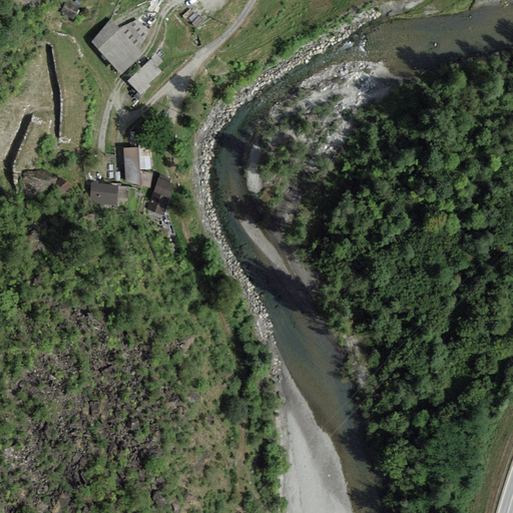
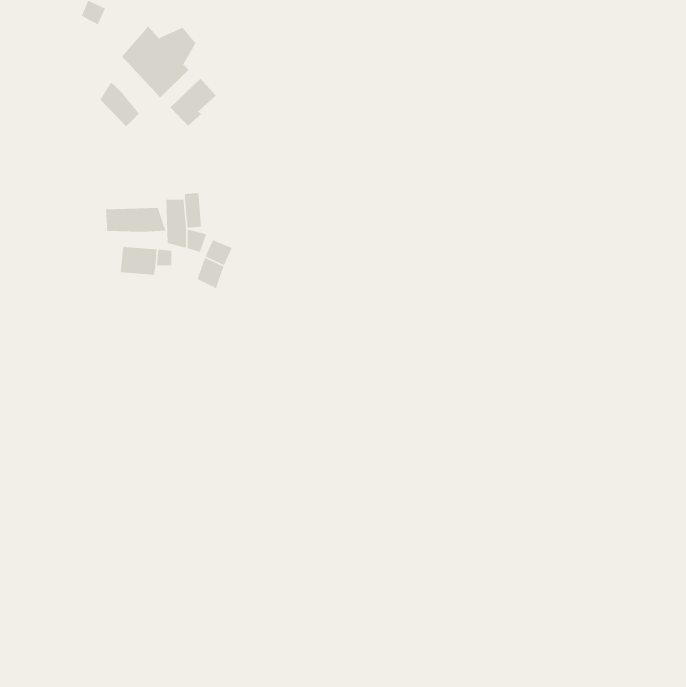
building: none -> [100,81,140,127]
building: none -> [105,207,166,233]

